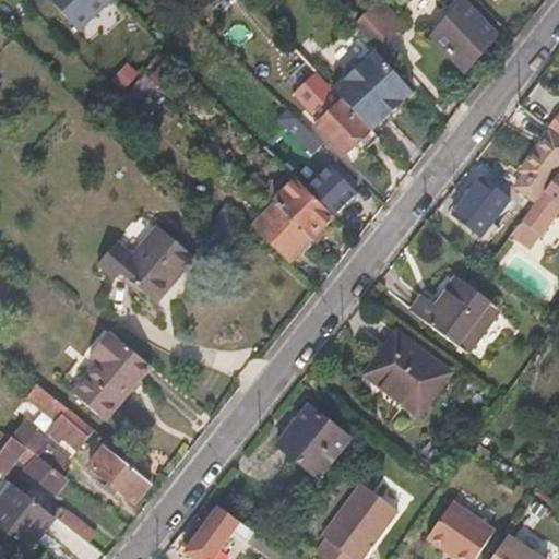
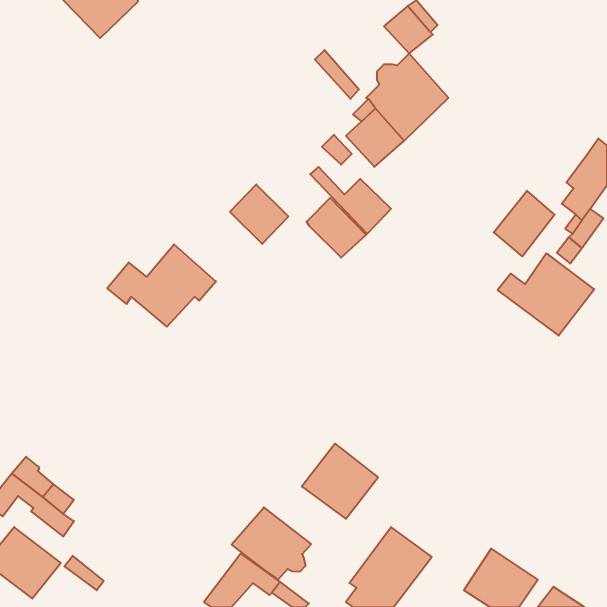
building: [427,5,492,71] -> none
building: [259,206,312,261] -> [230,184,288,244]
building: [409,275,498,350] -> [498,253,594,336]
building: [74,332,154,421] -> none
building: [370,333,448,414] -> none
building: [44,395,96,445] -> none
building: [88,445,147,500] -> none
building: none -> [232,507,311,580]

